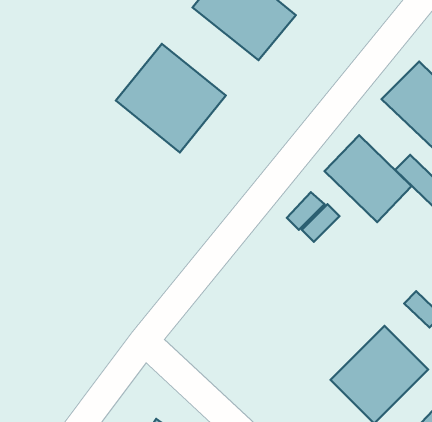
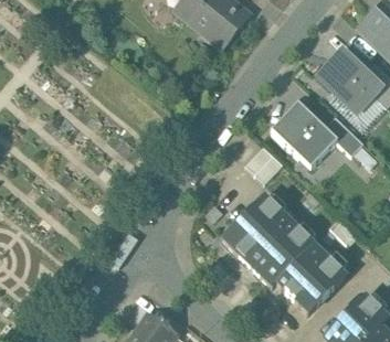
building: [116,44,226,152] -> none
building: none -> [222,188,322,287]

